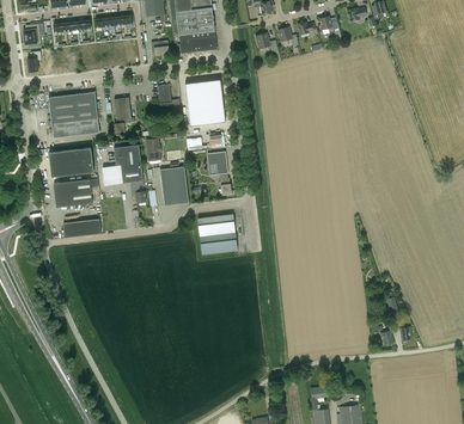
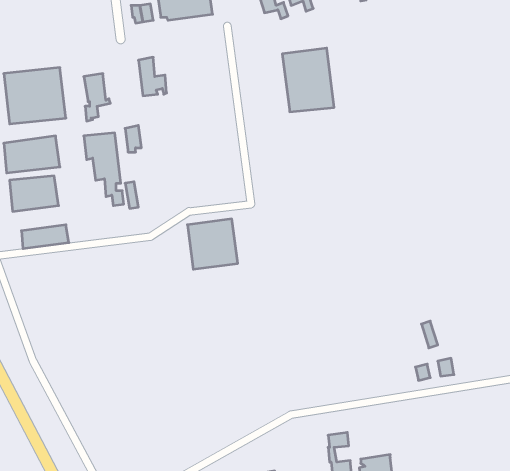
building: [184,79,226,130] -> [282,48,334,112]
building: [207,152,231,195] -> none
building: [159,166,188,205] -> none

